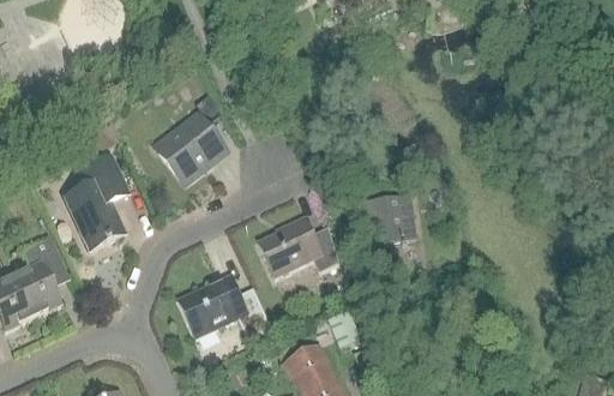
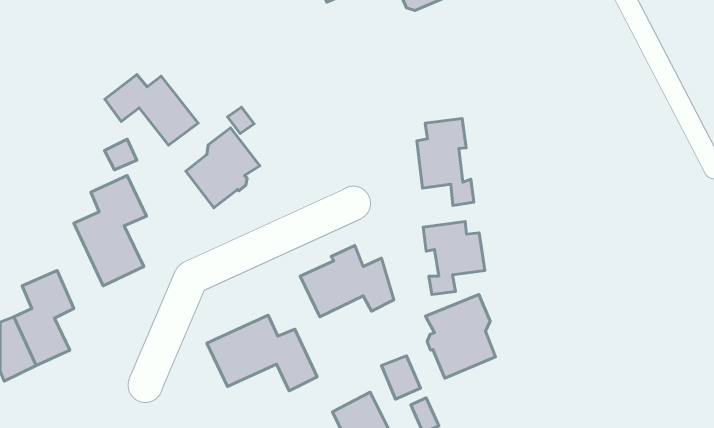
building: none -> [105,75,198,145]
building: none -> [417,118,474,205]
building: none -> [426,294,496,378]

